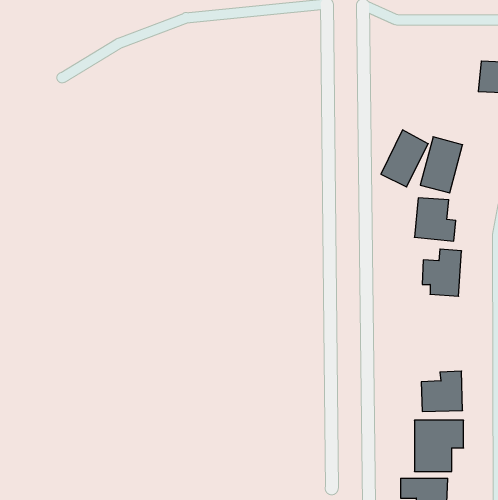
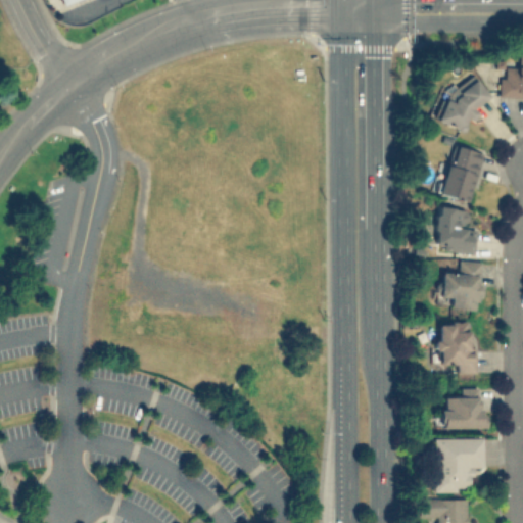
building: [381,130,428,187] -> [440,76,489,135]
building: none -> [438,323,475,374]

